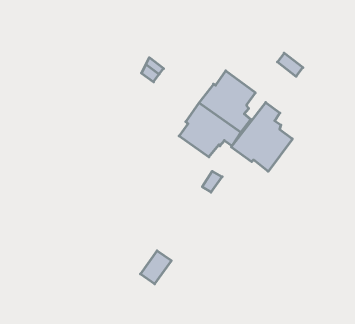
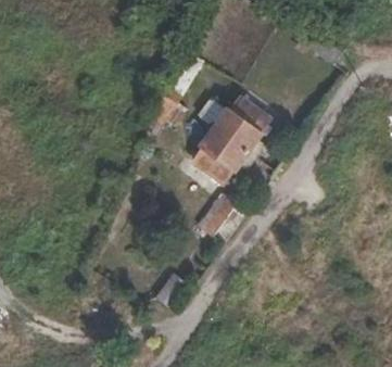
building: [231,102,292,171] -> none

